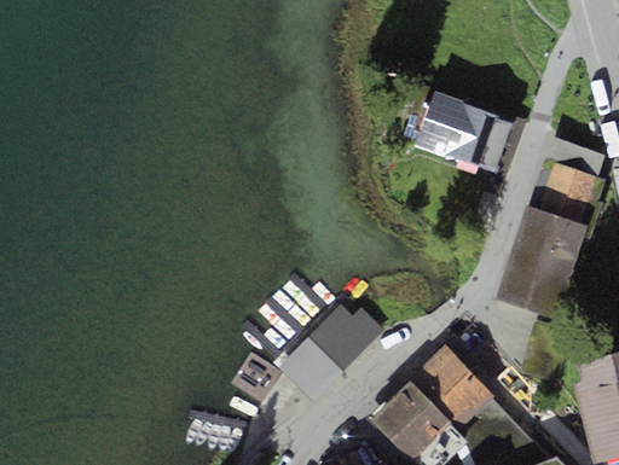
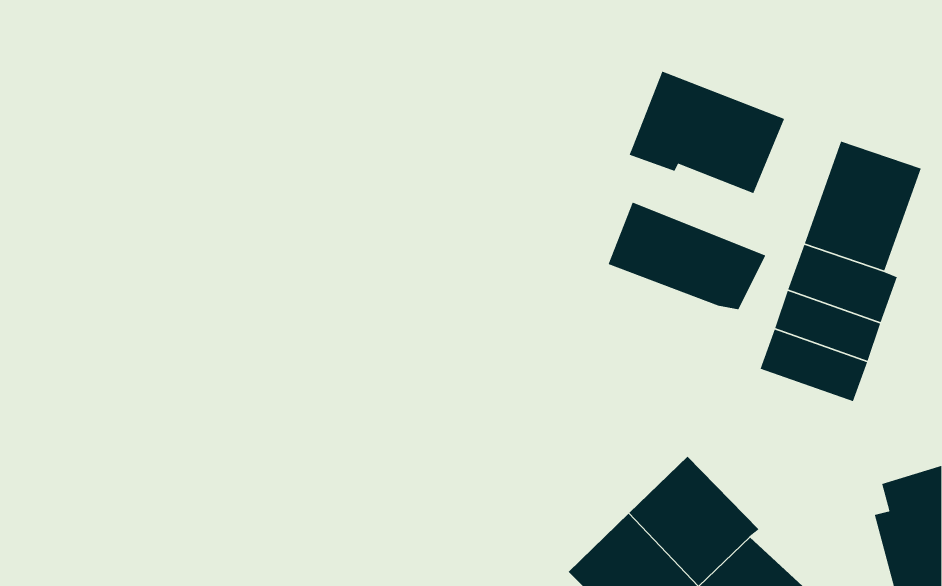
building: none -> [608,201,767,310]
building: [279,300,382,402] -> none

